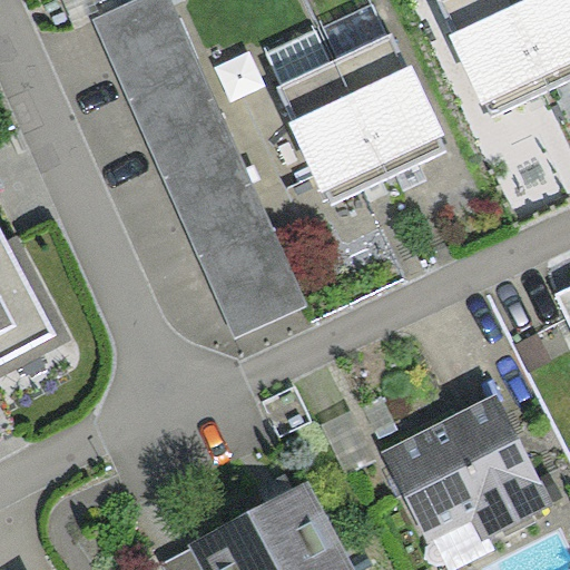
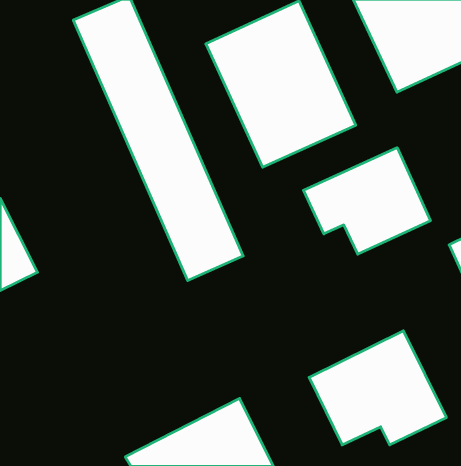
building: none -> [303,148,430,254]

